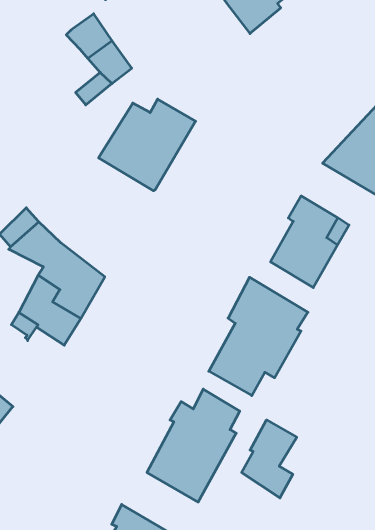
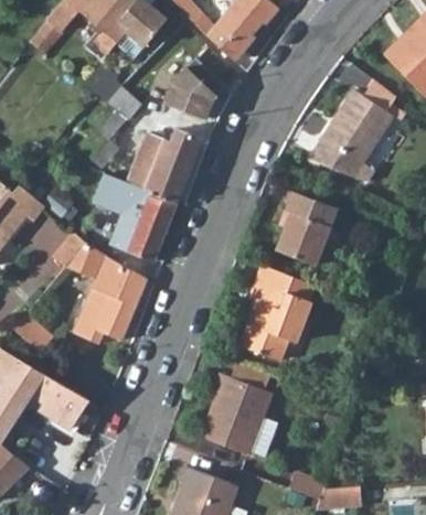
building: none -> [163,68,224,121]
building: none -> [107,184,173,264]
building: [242,420,297,498] -> none

